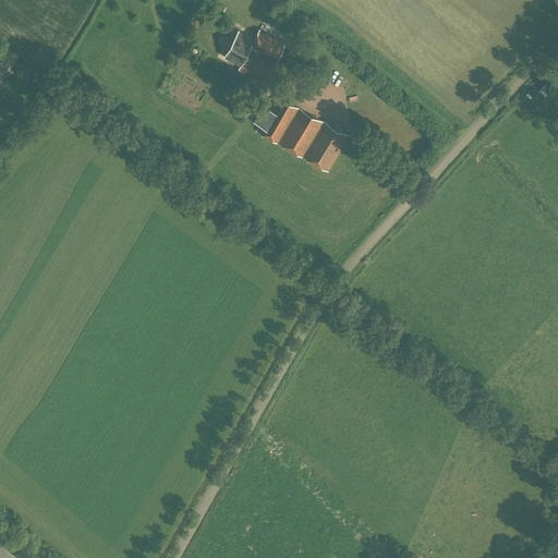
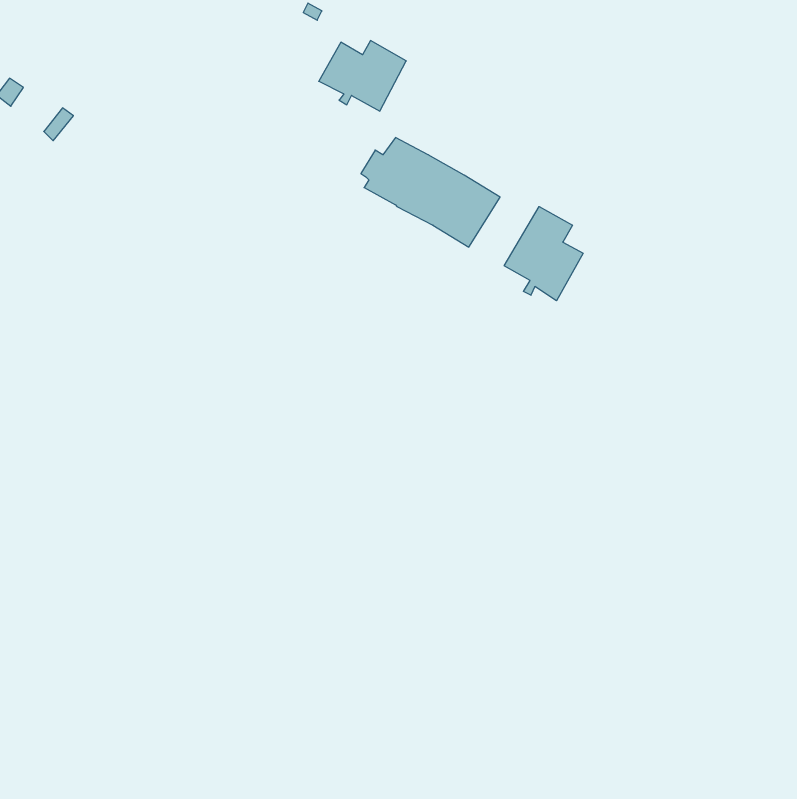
building: none -> [504,207,583,301]

